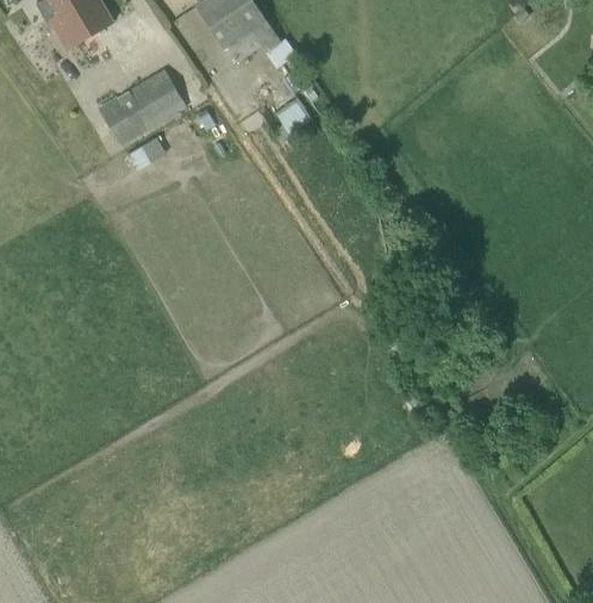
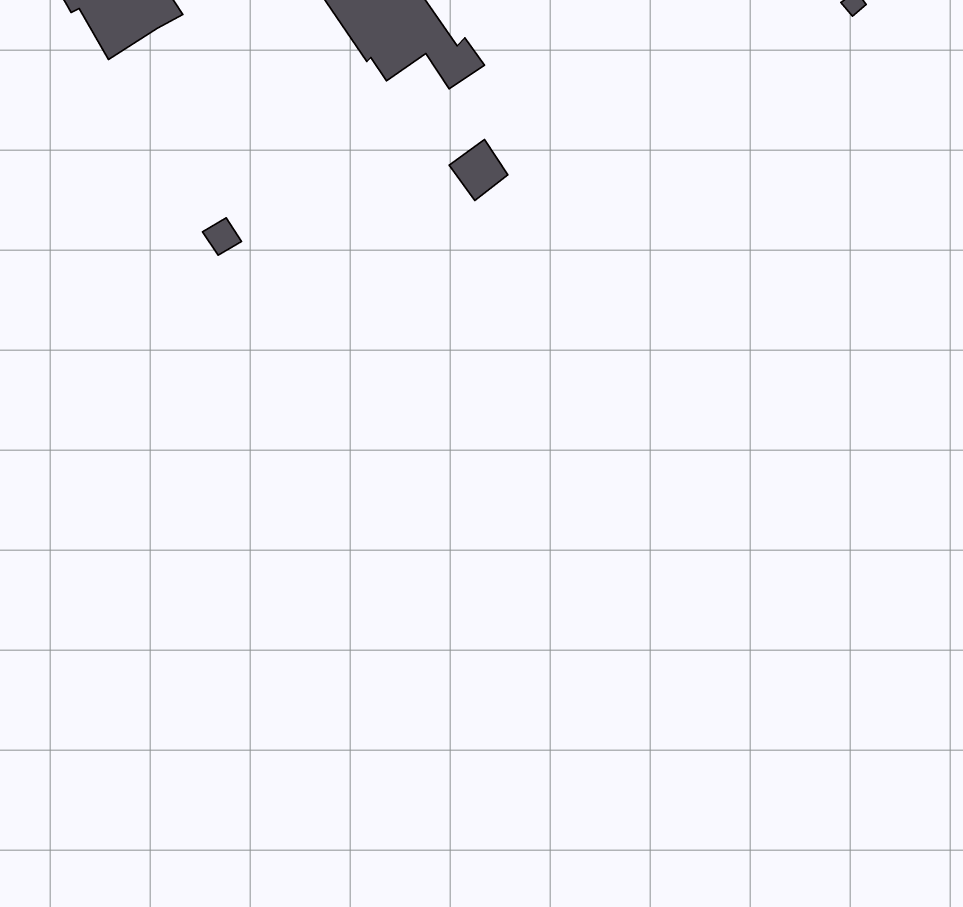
building: [98,69,185,144] -> none

